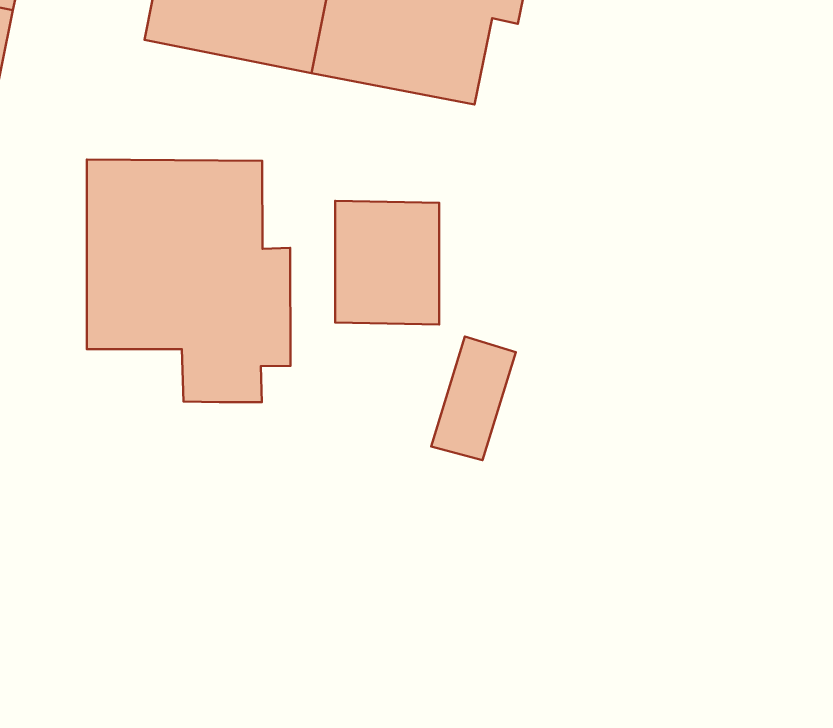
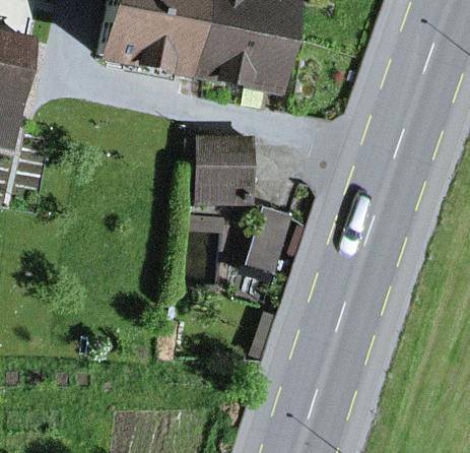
building: [87,160,291,402] -> none

